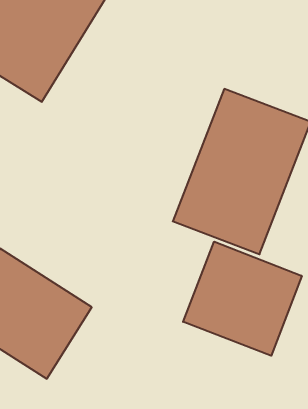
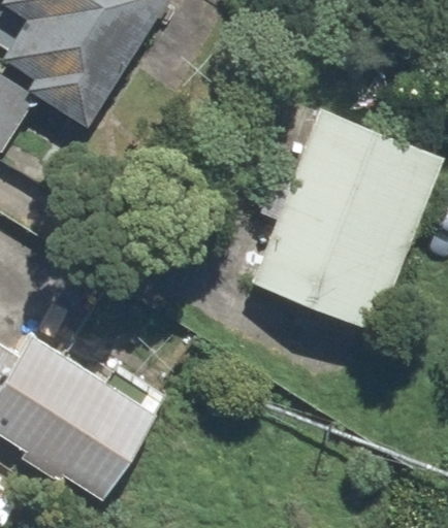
building: [183,242,302,356] -> none

